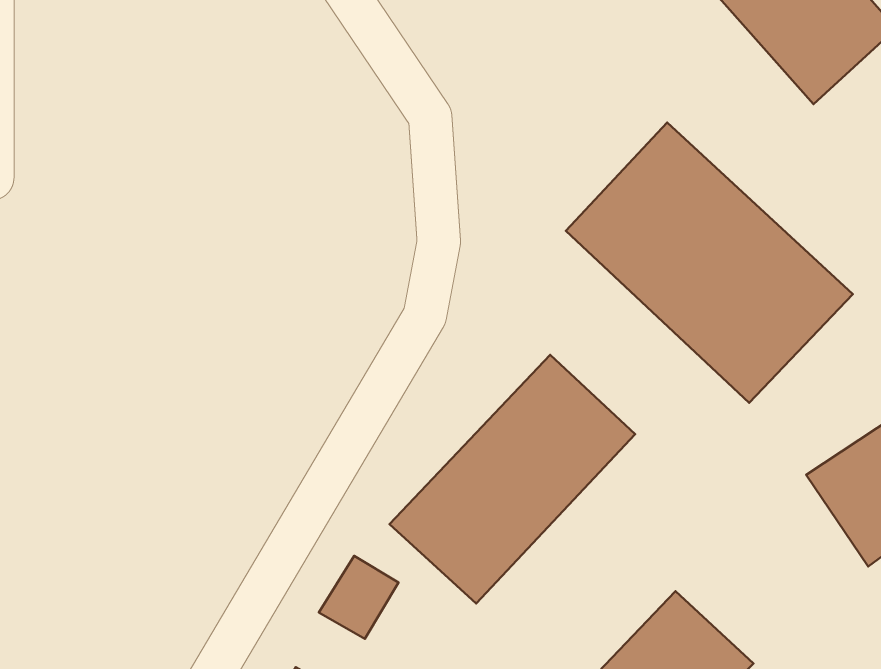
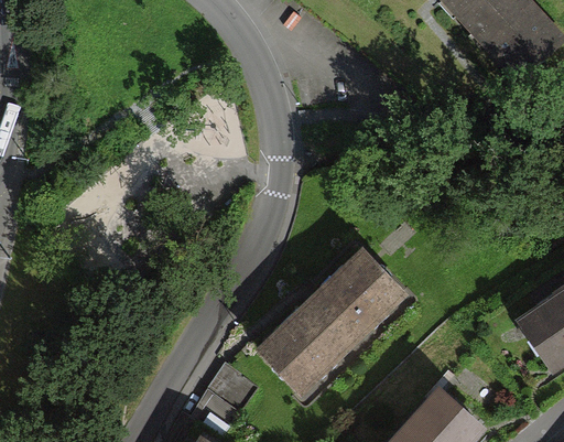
building: [566,122,853,403] -> none

